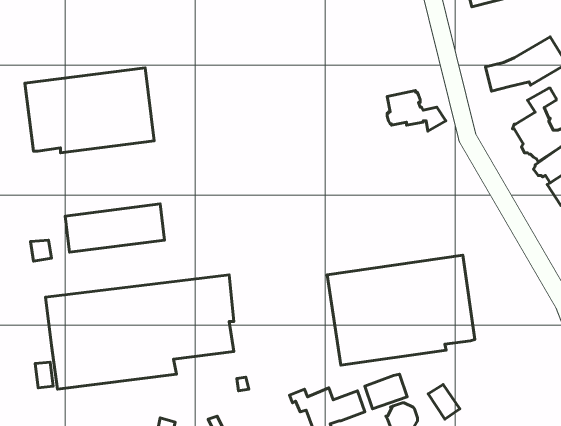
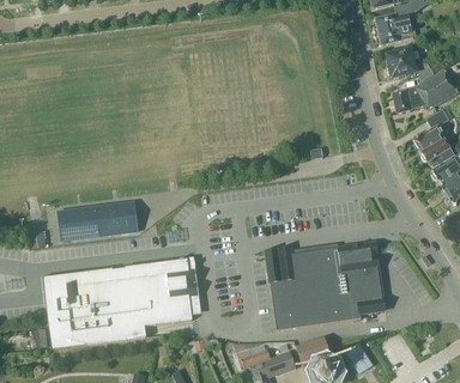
building: [25,68,154,153] -> none
building: [387,91,446,131] -> [388,50,435,83]

